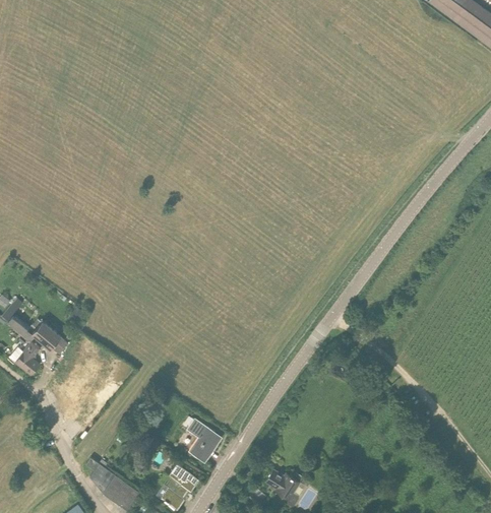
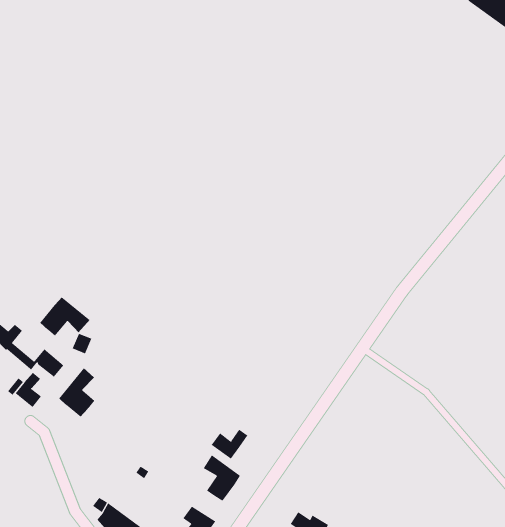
building: none -> [40,296,90,336]
building: none -> [58,367,95,417]
building: none -> [211,429,248,460]

